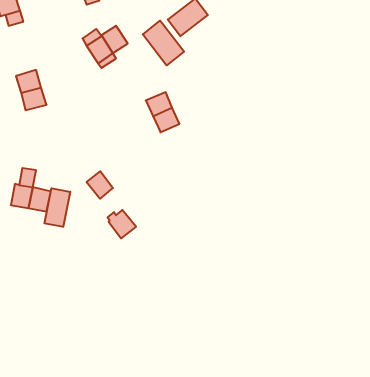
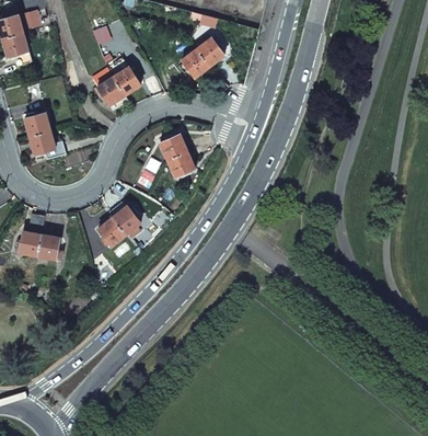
building: [143,21,184,65] -> none
building: [44,188,70,227] -> none
building: [108,210,136,238] -> [111,206,140,236]

